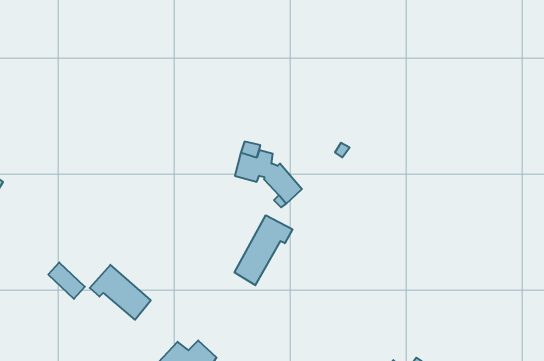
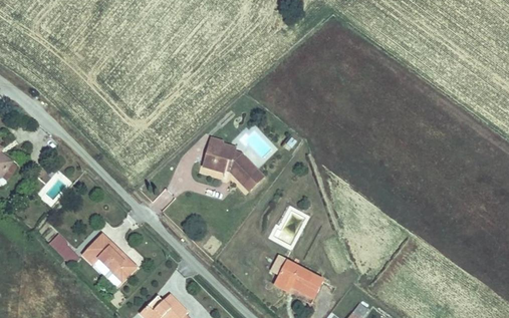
building: [235,215,292,285] -> none
building: none -> [273,258,321,297]

